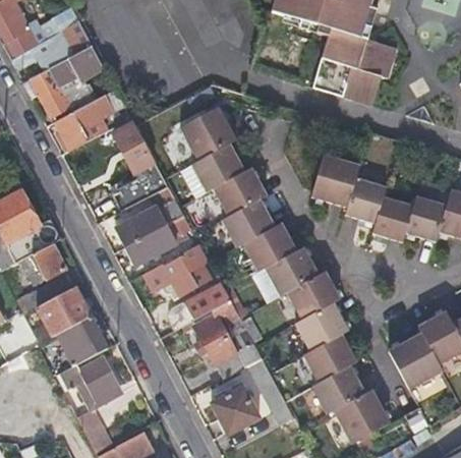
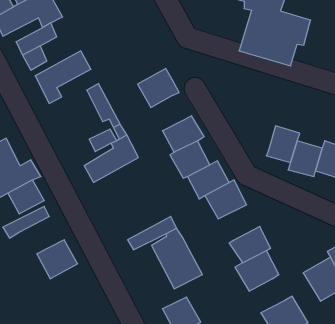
building: [193,141,239,186] -> none
building: [309,157,354,207] -> none
building: [128,217,190,266] -> none
building: [145,247,214,302] -> none
building: [285,271,338,319] -> none
building: [36,288,93,345] -> none
building: [61,357,120,412] -> none
building: [312,365,362,410] -> none

